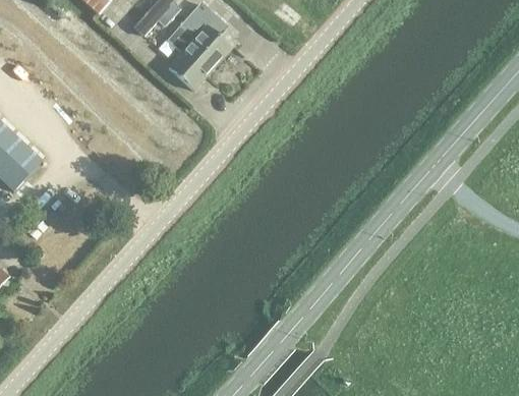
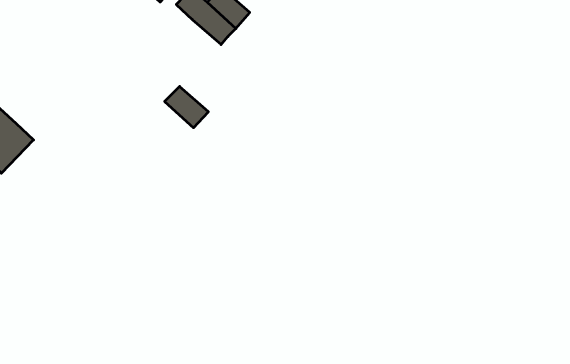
building: [168,52,207,89] -> [165,86,208,128]

